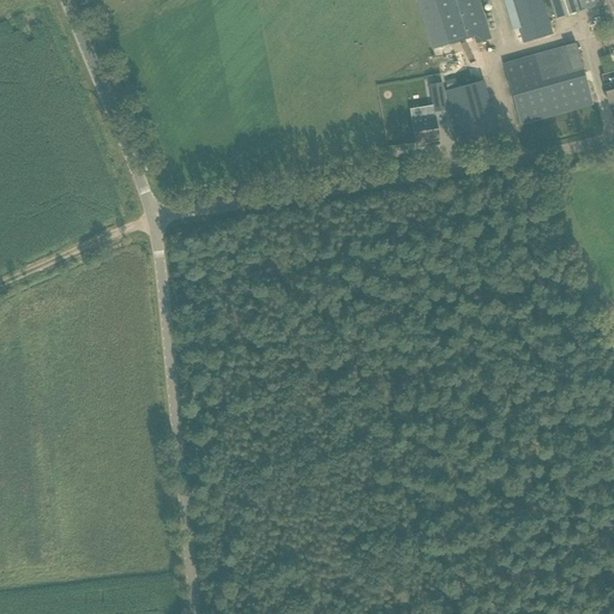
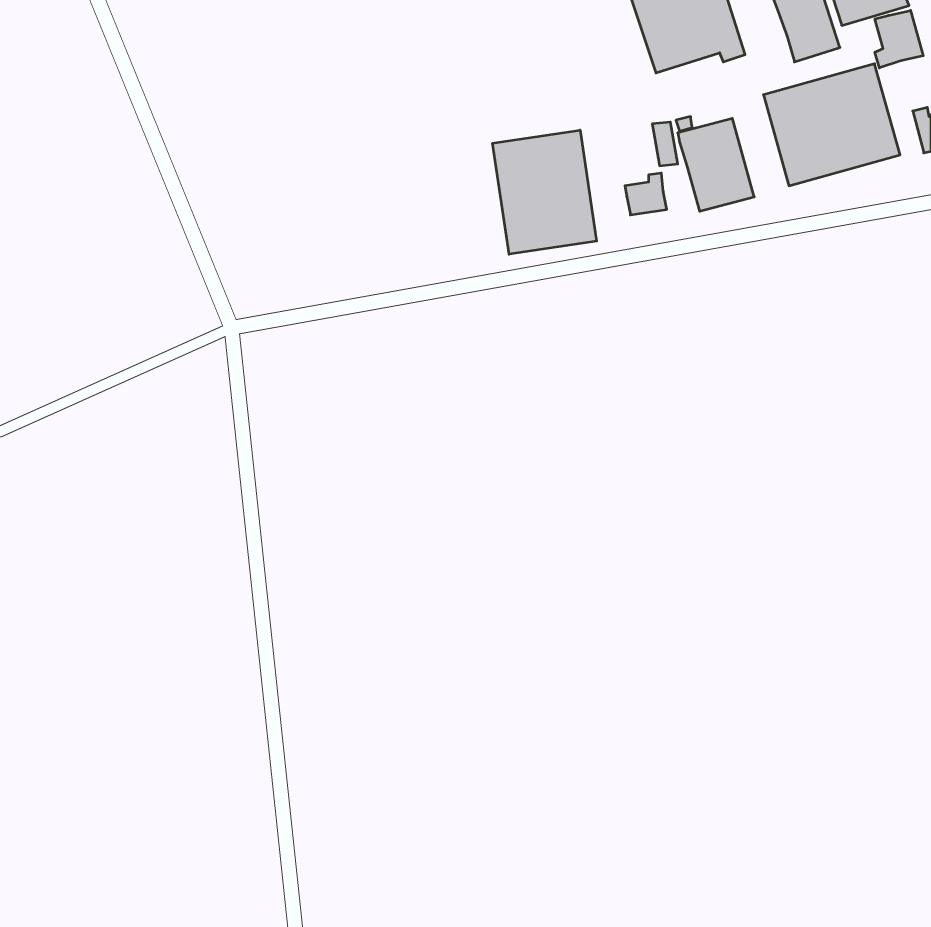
building: none -> [875,10,923,68]
building: none -> [493,130,597,254]

